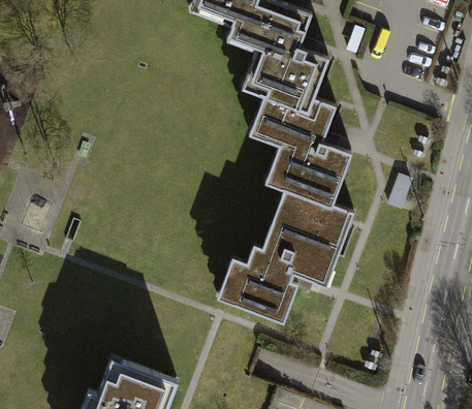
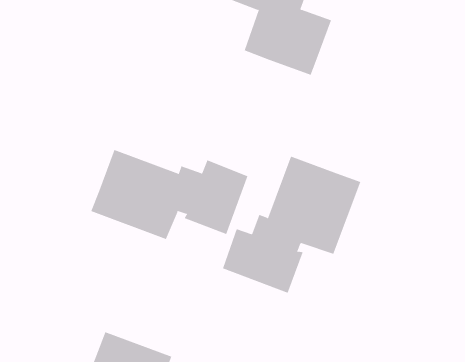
building: [253,99,351,207] -> none
building: none -> [91,149,248,240]

